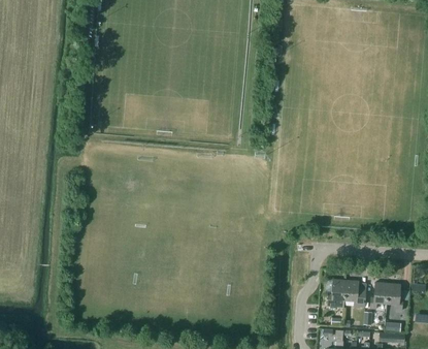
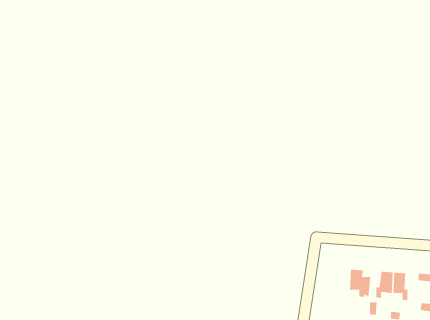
building: [327,279,345,307] -> none

